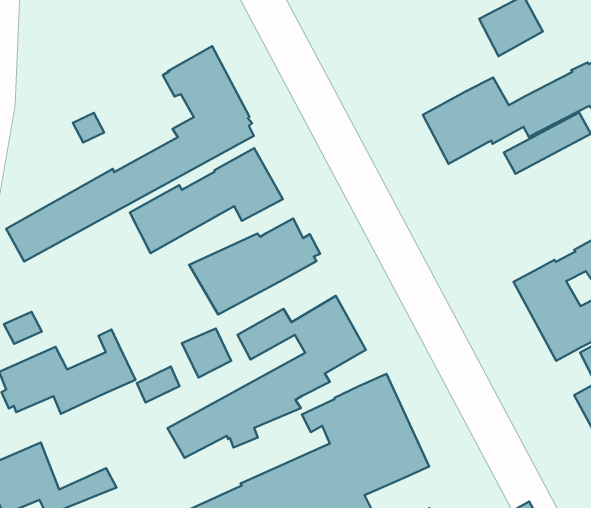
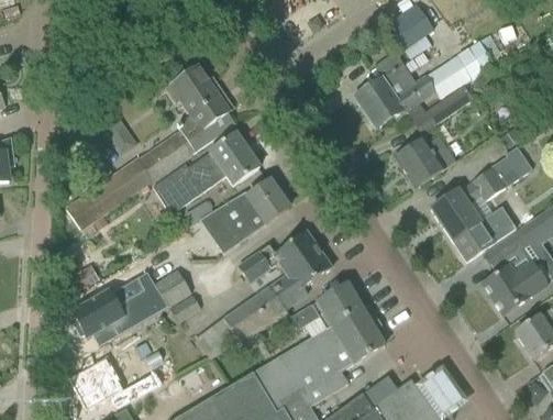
building: none -> [395,136,456,188]
building: [182,328,231,378] -> [155,269,191,306]

